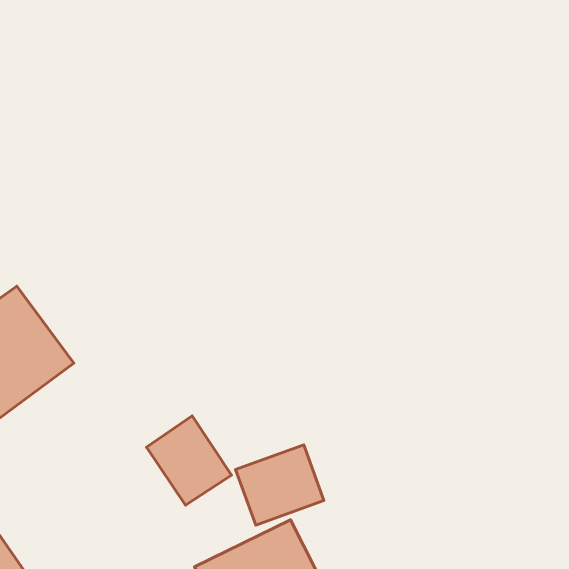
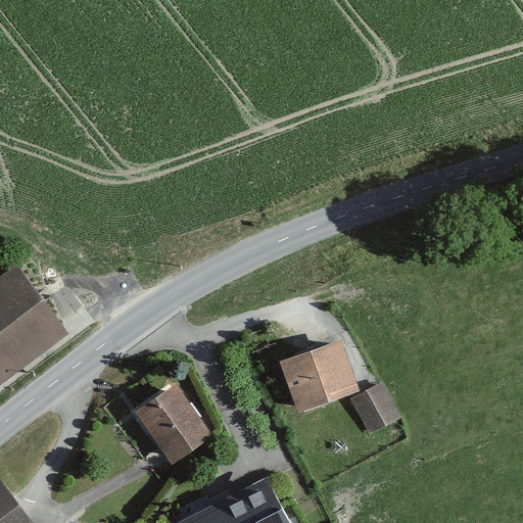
building: none -> [348,386,395,437]
building: [236,445,324,525] -> [278,338,359,412]

